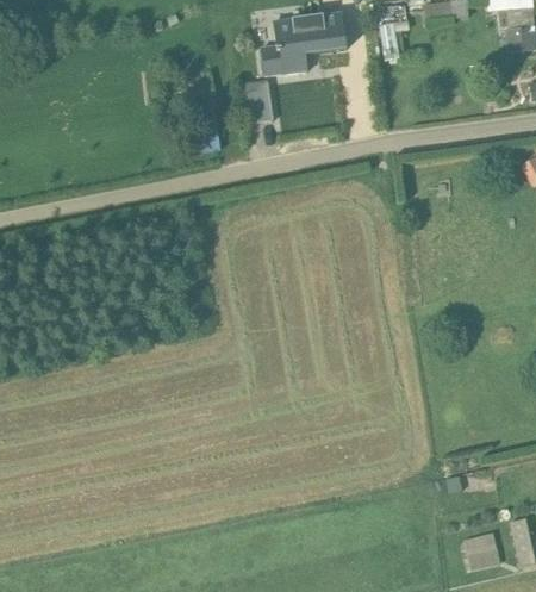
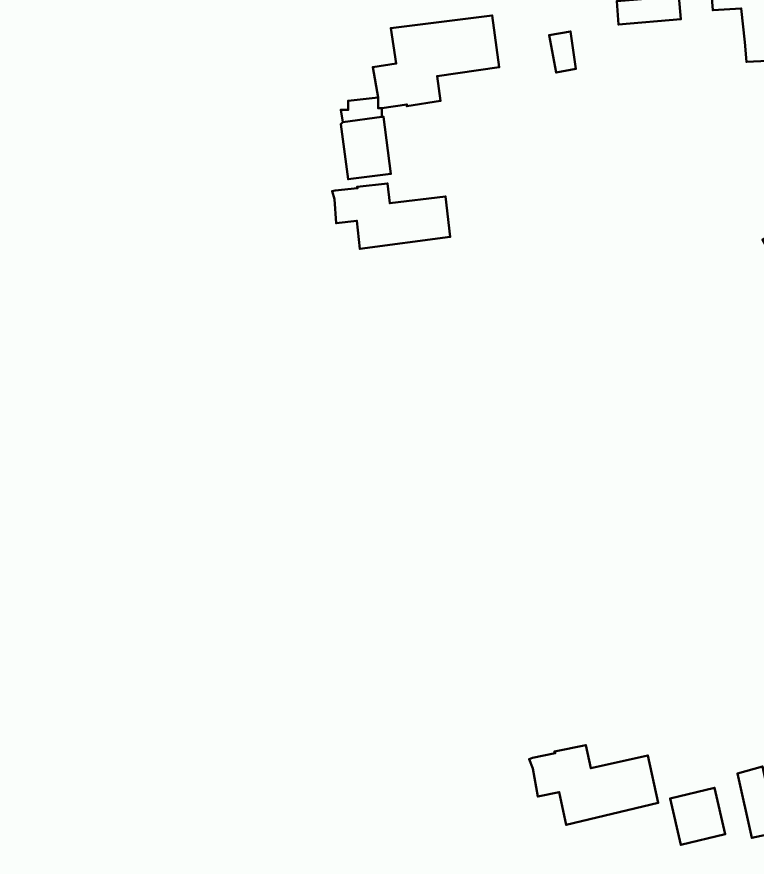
building: none -> [332,184,450,249]
building: none -> [529,745,658,825]

